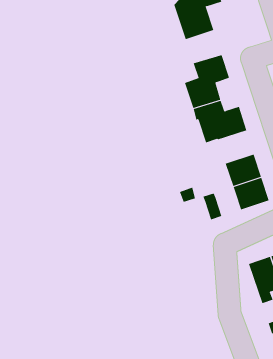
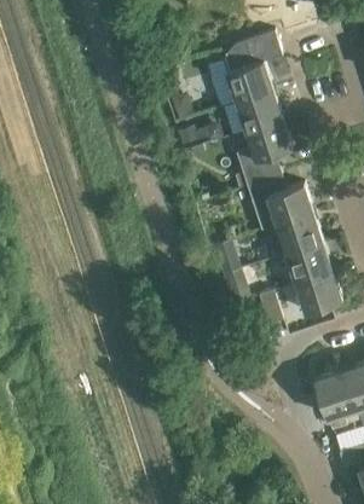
building: none -> [237,91,283,132]
building: none -> [277,215,323,256]

